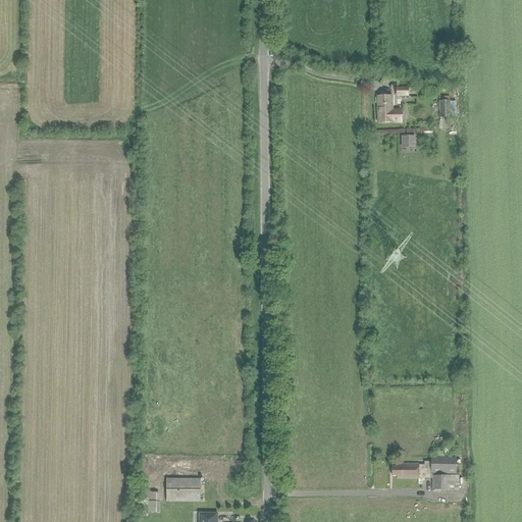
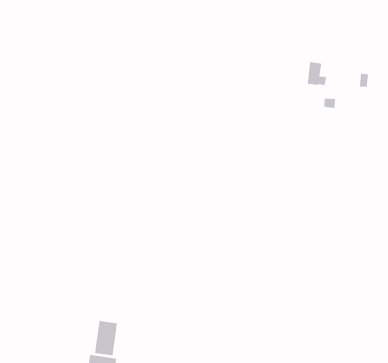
building: none -> [94,320,118,356]

